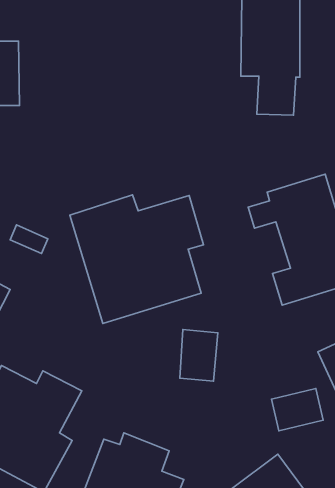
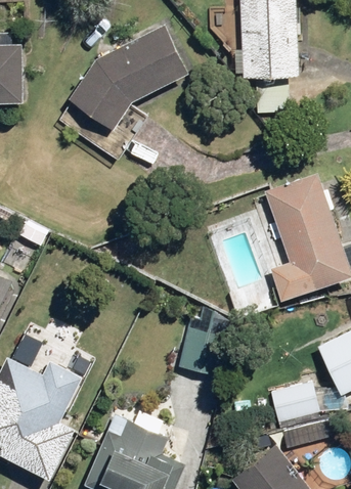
building: none -> [65,28,186,158]
building: [70,195,204,323] -> none

